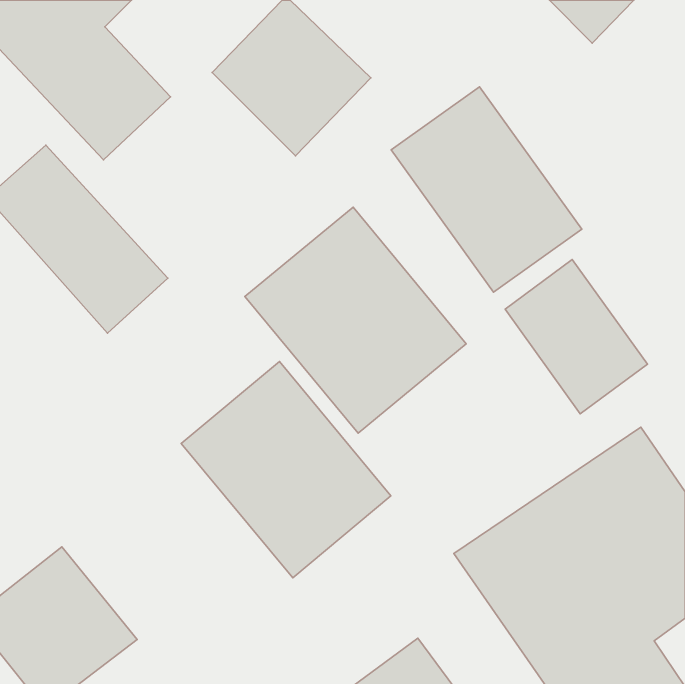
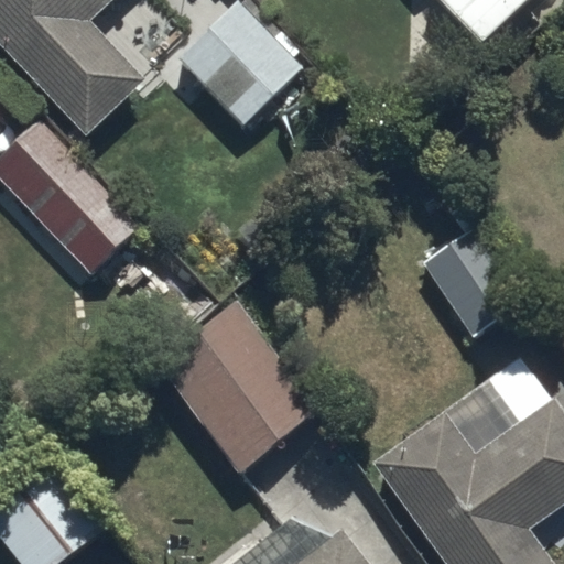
building: [391,87,582,292] -> none
building: [245,207,466,433] -> none

